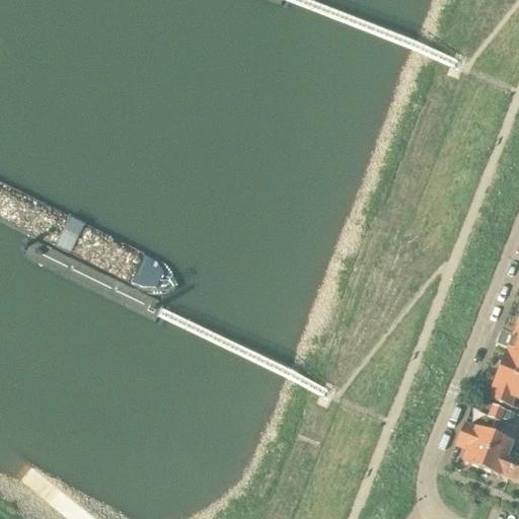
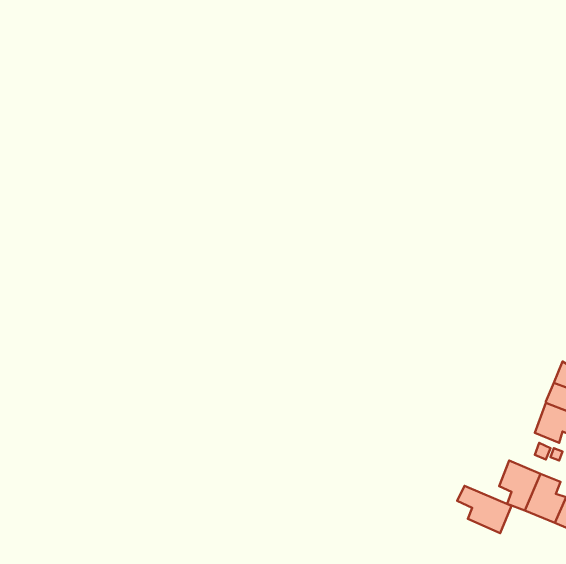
building: none -> [457,486,512,533]

